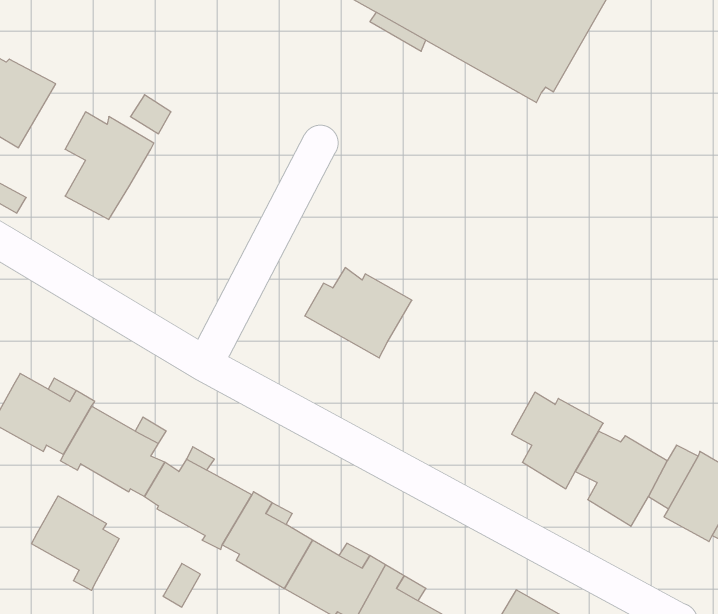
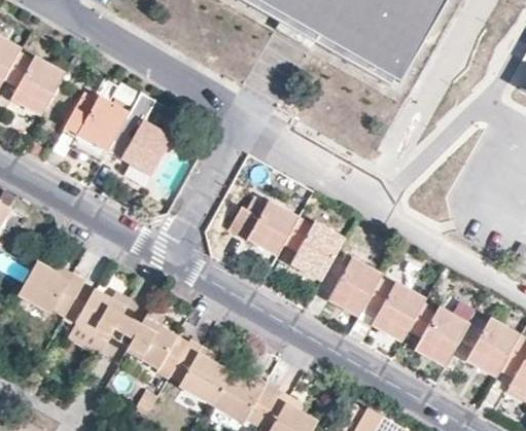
building: none -> [112,115,173,175]
building: none -> [283,215,345,279]
building: none -> [328,255,383,315]
building: [32,496,119,590] -> none

